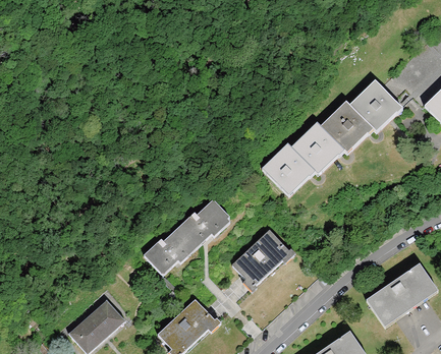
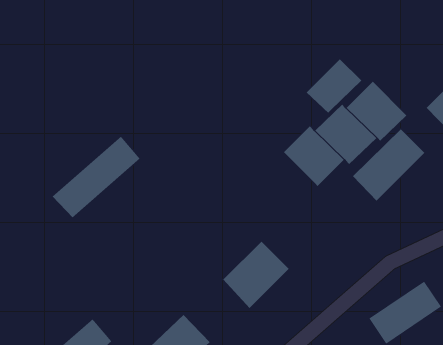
building: none -> [306,58,362,114]
building: none -> [352,129,425,202]
building: [258,140,316,198] -> none
building: [146,201,229,279] -> [52,136,141,218]

